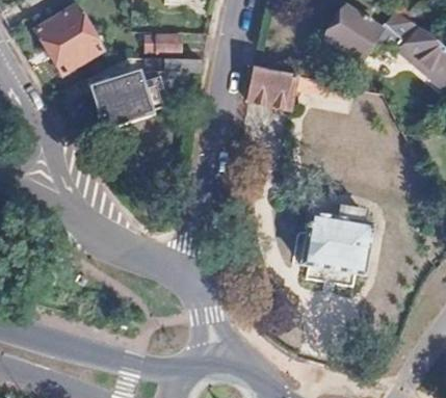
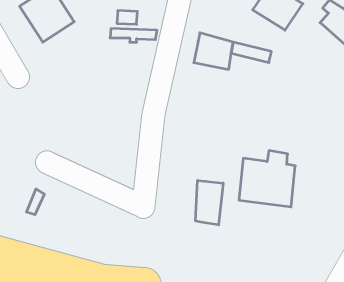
building: [91,76,162,128] -> none
building: none -> [196,180,223,225]

